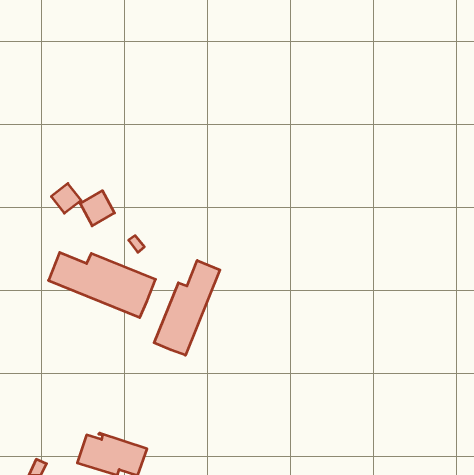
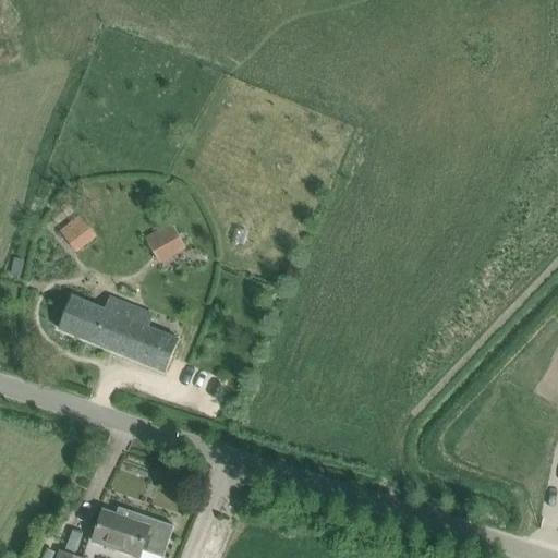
building: [80,191,115,226] -> [143,221,183,263]
building: [154,260,220,355] -> none

